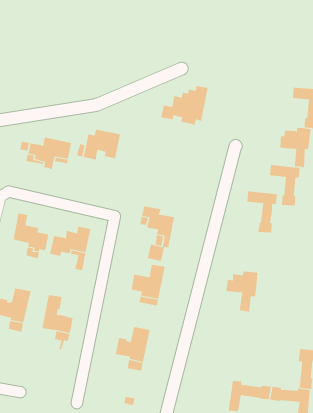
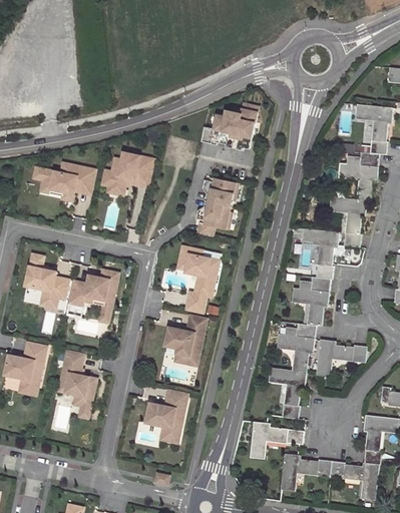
building: none -> [194,176,239,235]
building: none -> [293,276,331,326]
building: none -> [317,339,368,376]
building: none -> [270,367,307,418]
building: none -> [251,421,304,458]

